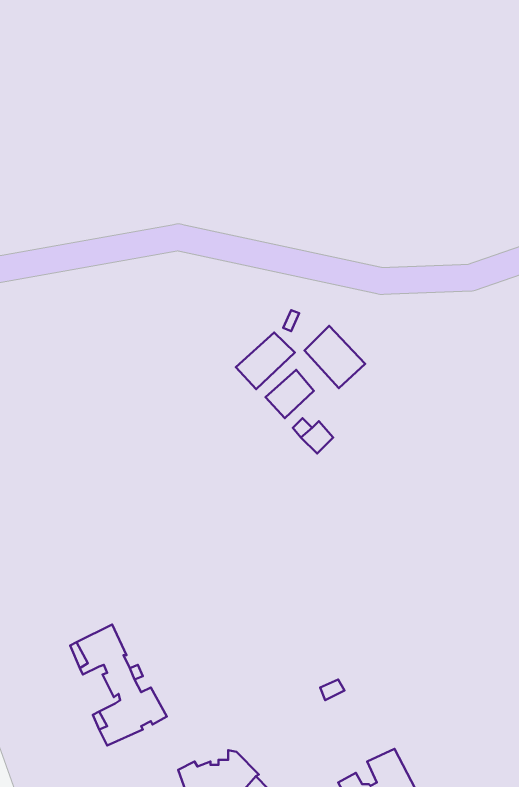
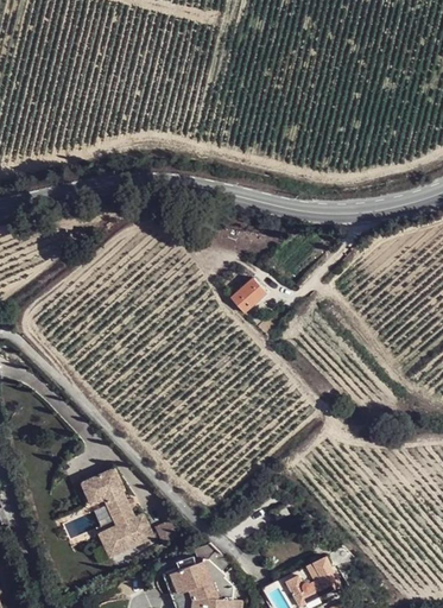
building: [305,326,365,388] -> none
building: [236,333,295,389] -> none

